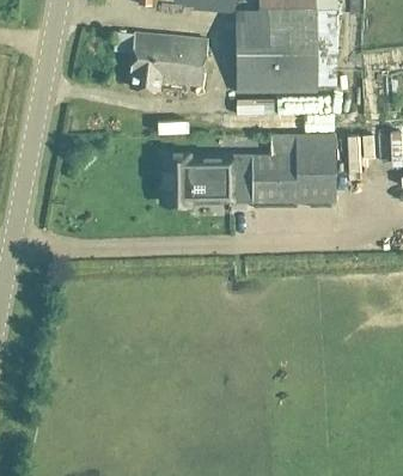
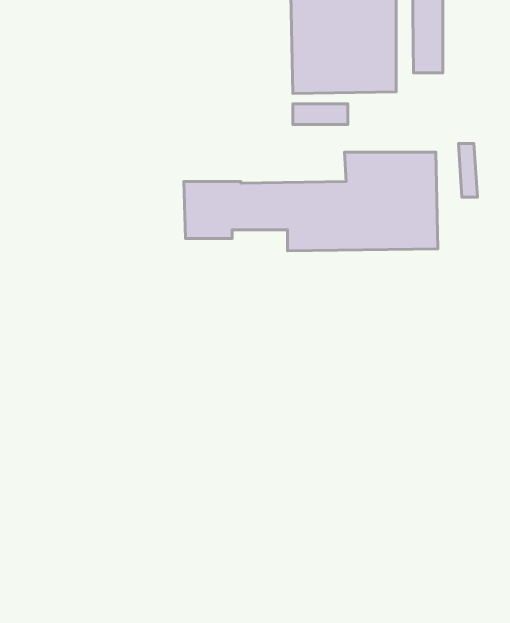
building: [129,33,208,90] -> none

